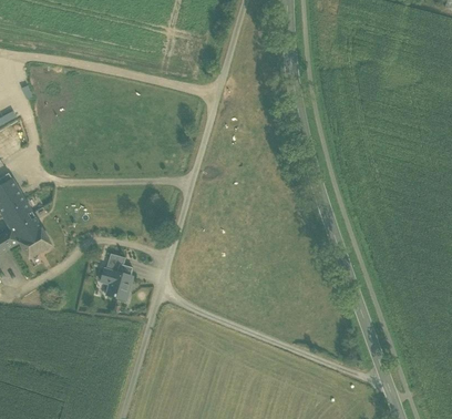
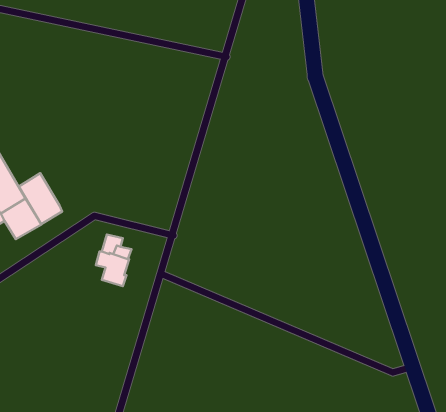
building: none -> [19,173,62,224]

